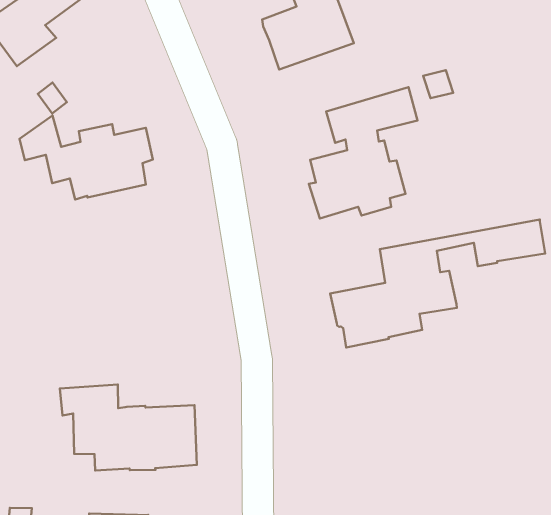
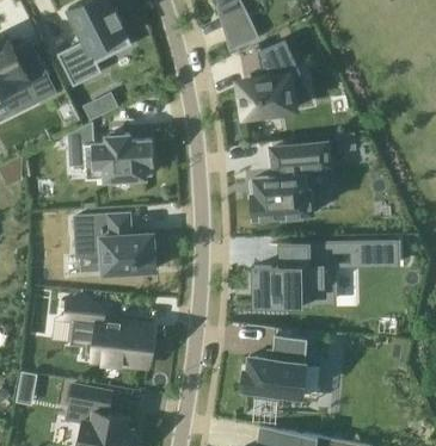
building: none -> [75,215,155,273]
building: none -> [242,335,307,401]

